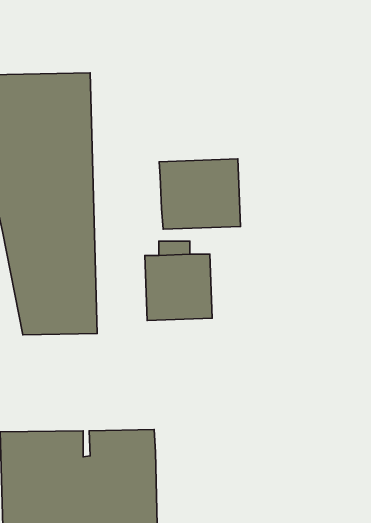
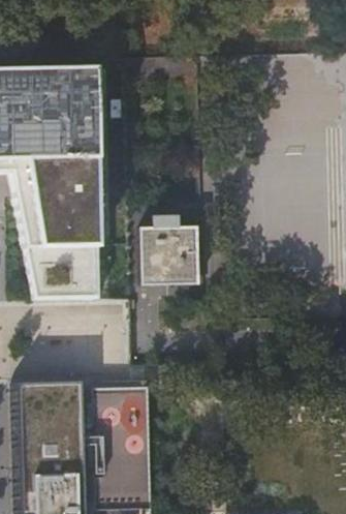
building: [159,159,240,229] -> none

